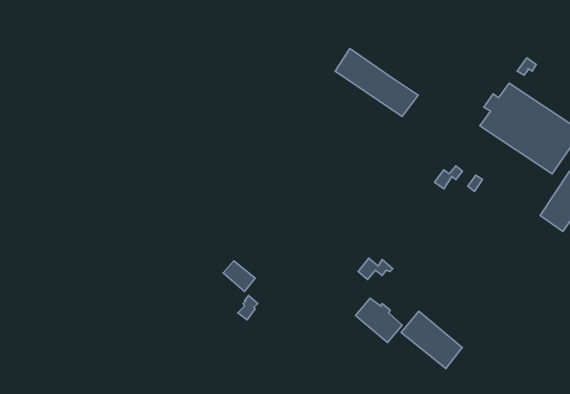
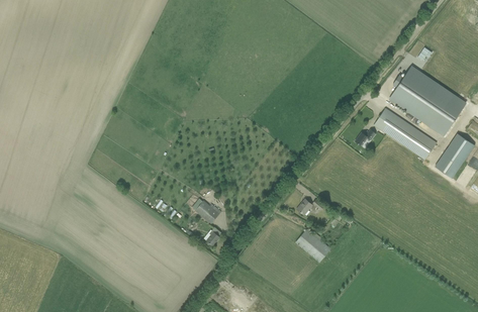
building: [335,48,418,117] -> [374,107,437,159]
building: [401,311,462,368] -> none

